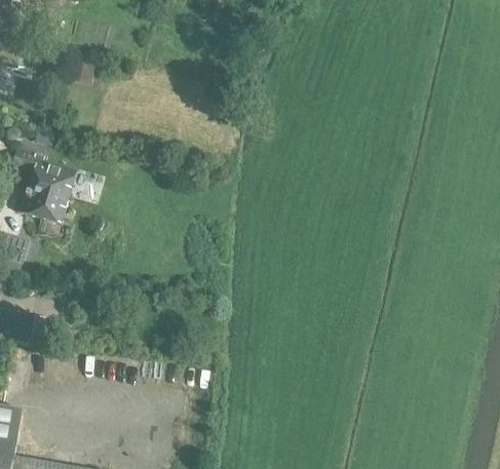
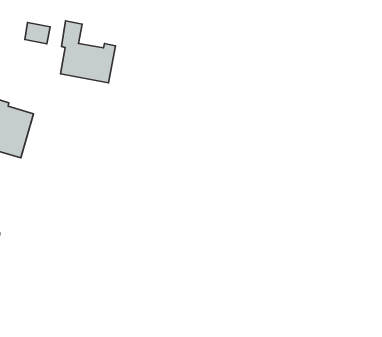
building: none -> [60,21,116,83]

